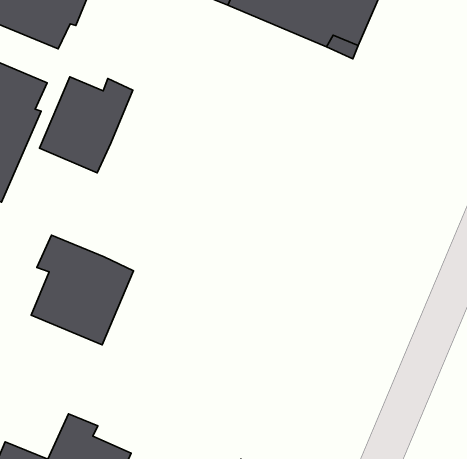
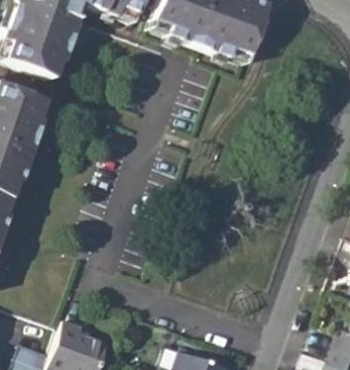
building: [40,77,133,173] -> none
building: [31,235,134,345] -> none

